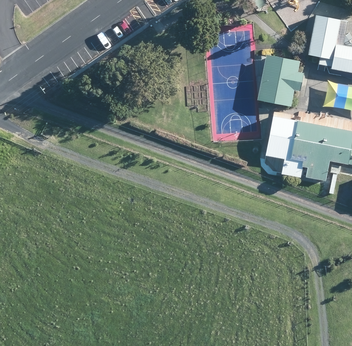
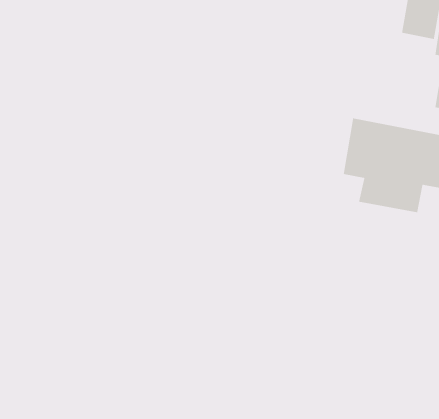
building: [262,51,305,106] -> none

